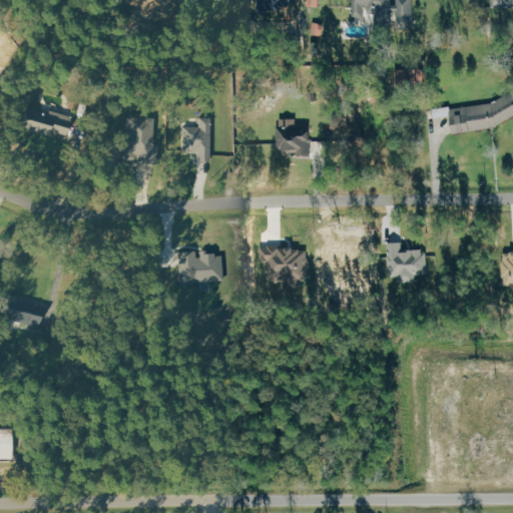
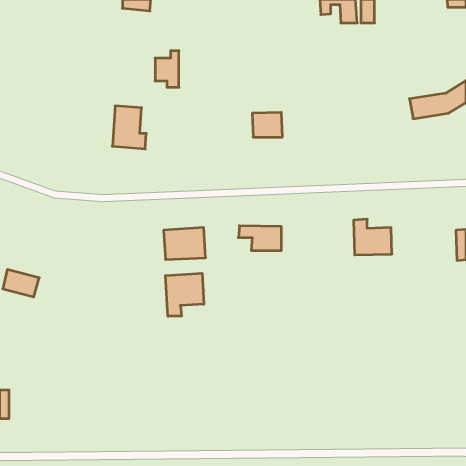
building: [22,107,71,134] -> none
building: [183,119,209,159] -> [155,51,179,87]
building: none -> [165,273,204,316]

